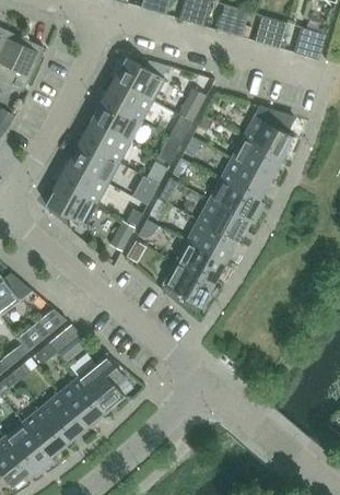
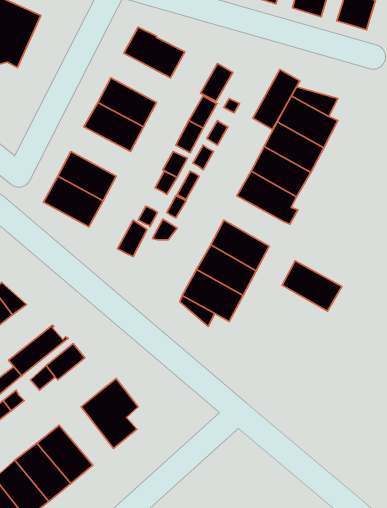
building: [103,80,153,121] -> none
building: none -> [253,69,300,130]
building: [69,142,119,184] -> none
building: [198,200,248,243] -> [282,261,342,311]
building: [59,378,105,427] -> none

